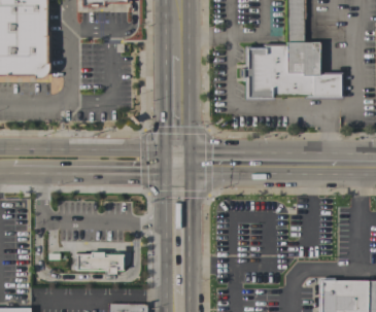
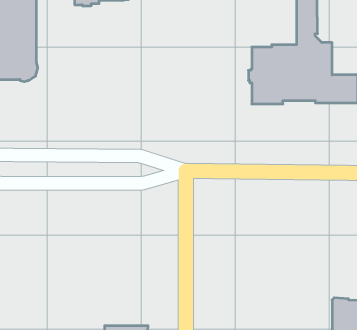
building: [75,253,122,272] -> none

